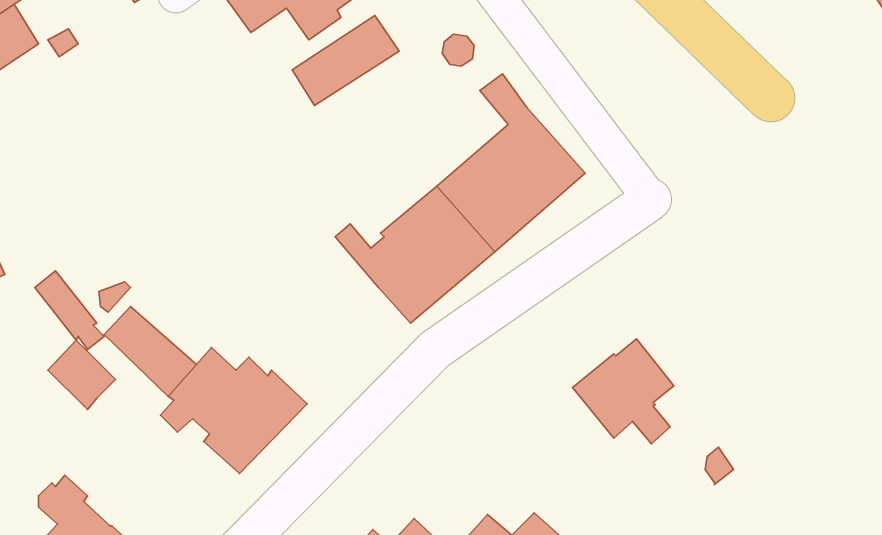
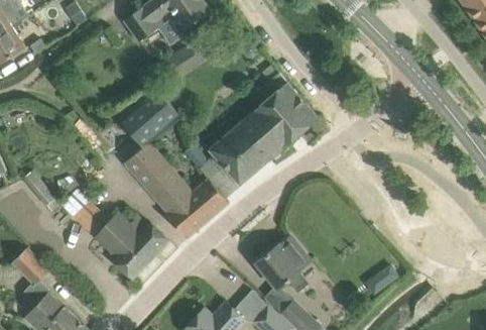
building: none -> [118,88,228,239]
building: [573,339,674,444] -> [255,236,310,293]
building: [48,340,116,410] -> [12,248,48,286]

